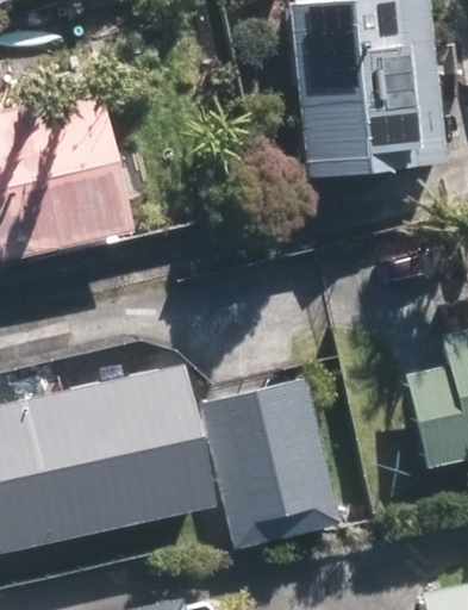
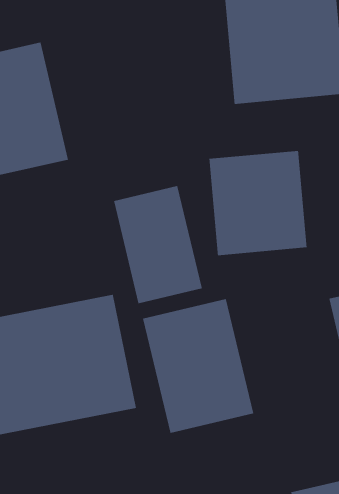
building: none -> [209,150,307,256]
building: none -> [113,185,202,304]

